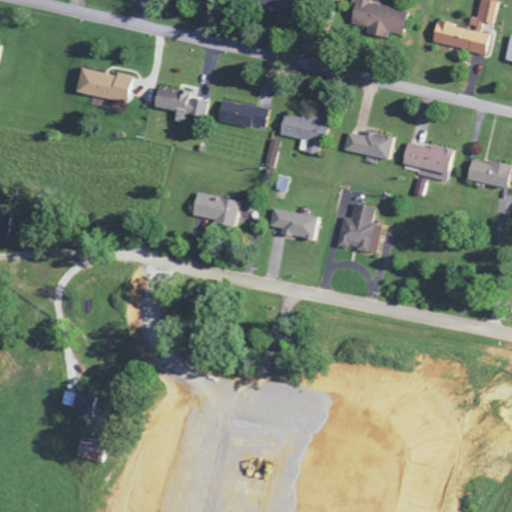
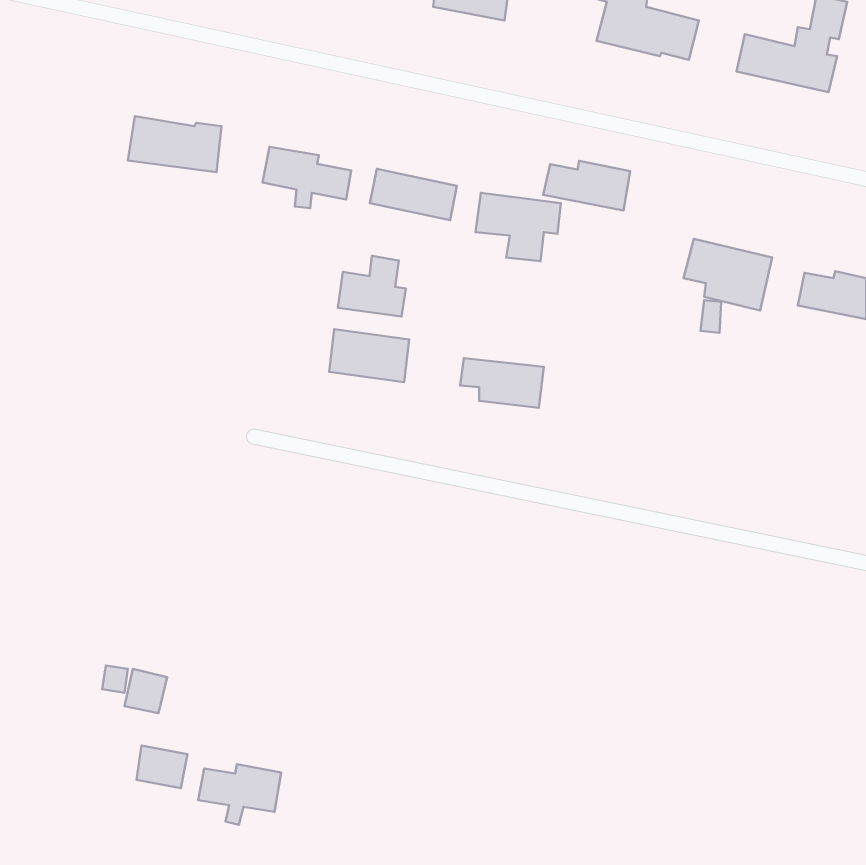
building: [342,130,393,159] -> [543,161,630,210]
building: none -> [338,256,406,316]
building: [335,203,383,253] -> none
building: none -> [198,764,281,825]

